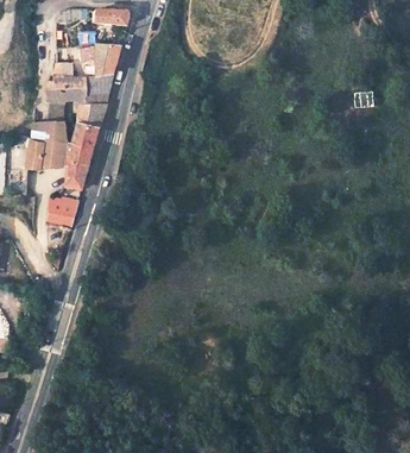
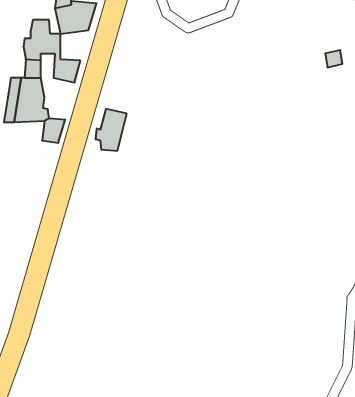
building: [84,74,113,105] -> none
building: [67,122,99,165] -> [95,109,127,151]
building: [46,199,78,227] -> none

